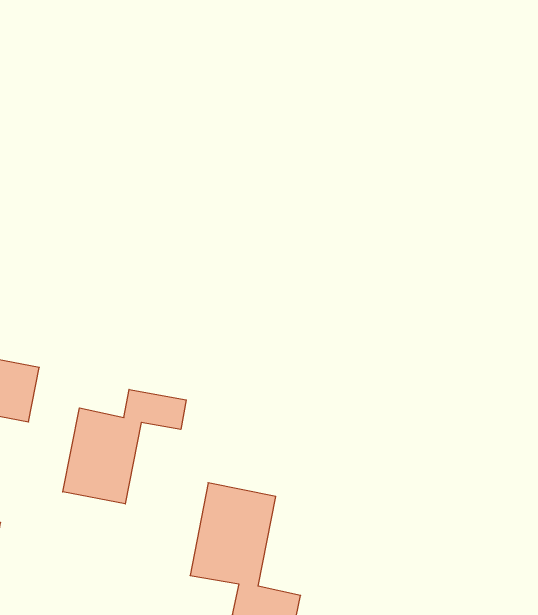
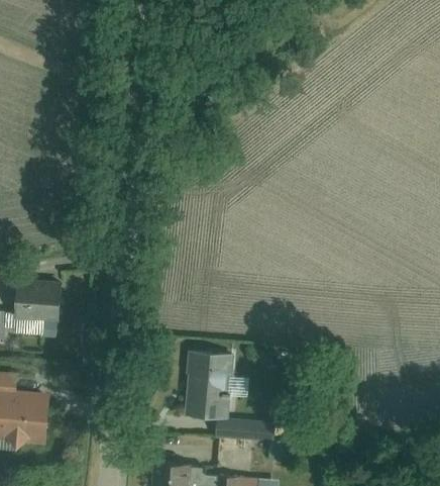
building: [63,389,186,504] -> none

